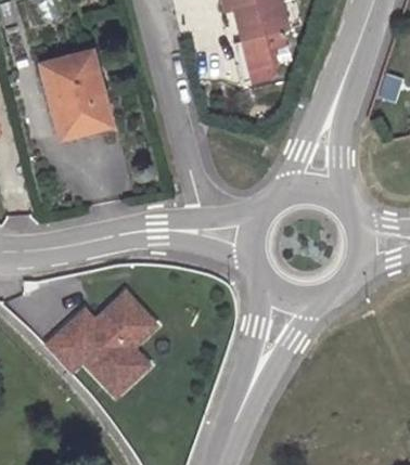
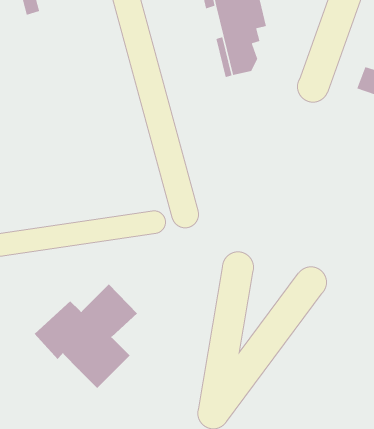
building: [44,52,110,138] -> none

